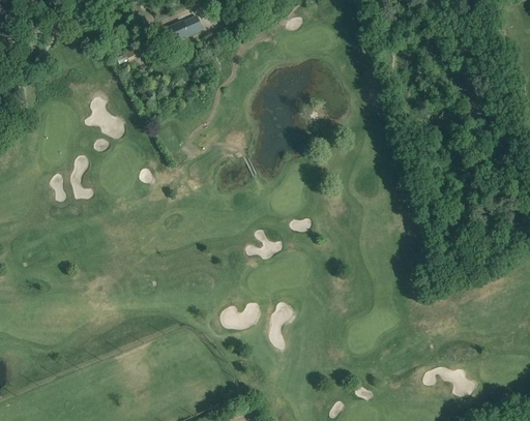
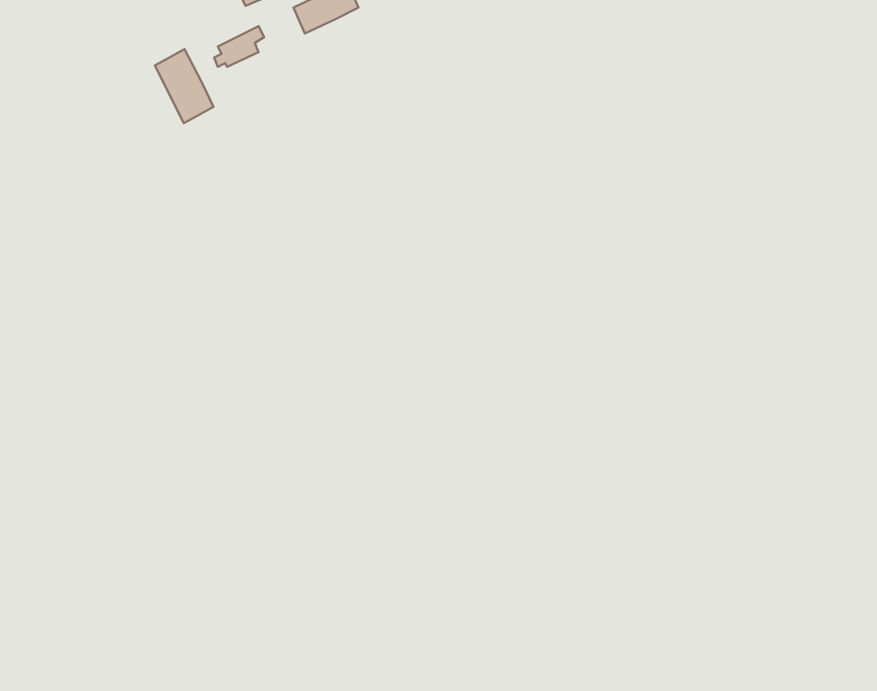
building: none -> [155,49,213,123]

